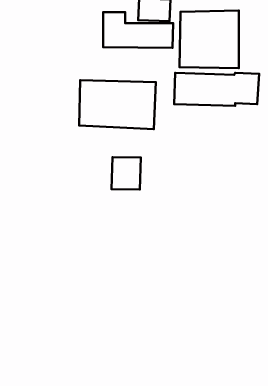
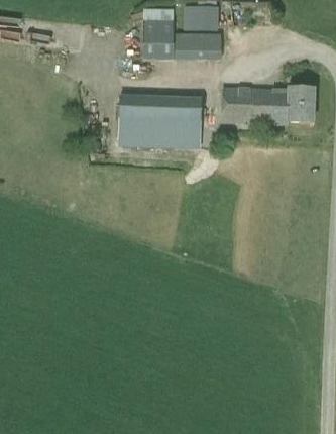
building: [180,10,239,68] -> none
building: [112,157,141,190] -> none

